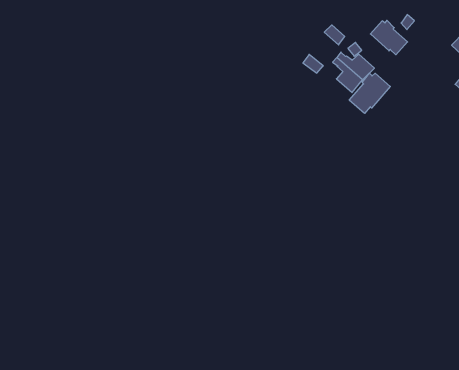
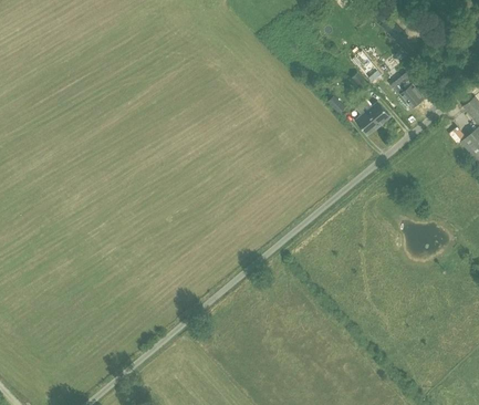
building: [349,73,390,113] -> none

